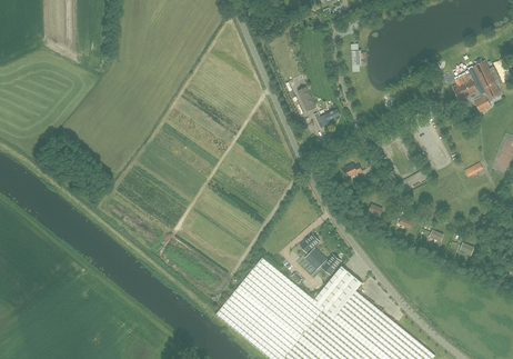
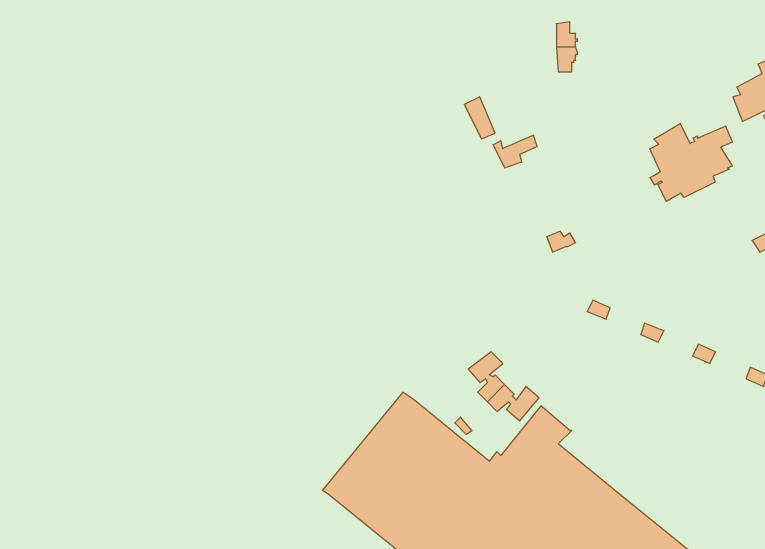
building: none -> [650,123,732,201]

